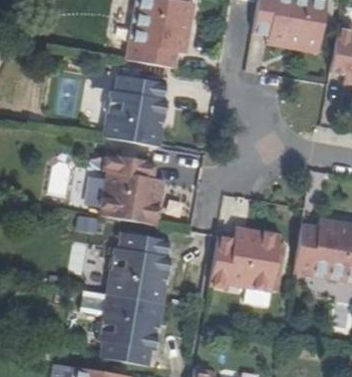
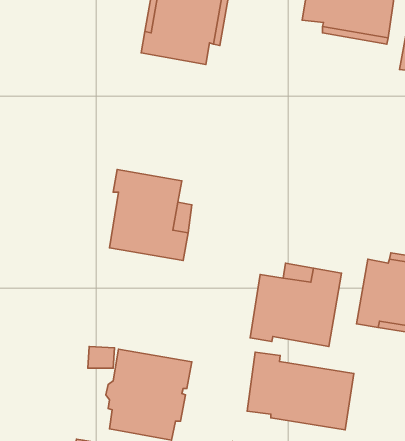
building: [103,74,167,147] -> none
building: [106,232,171,305] -> none
building: none -> [247,352,354,430]

